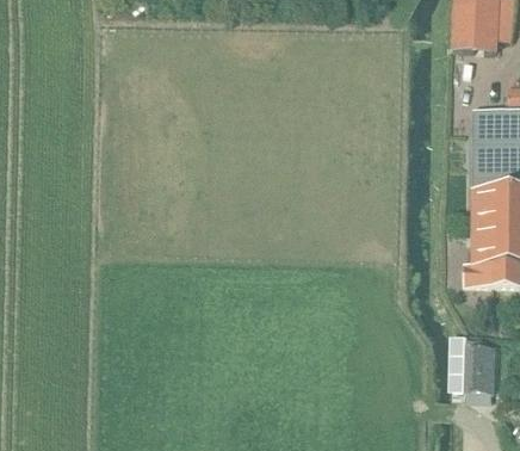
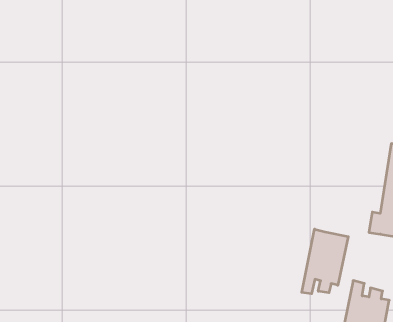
building: none -> [302,229,348,294]

